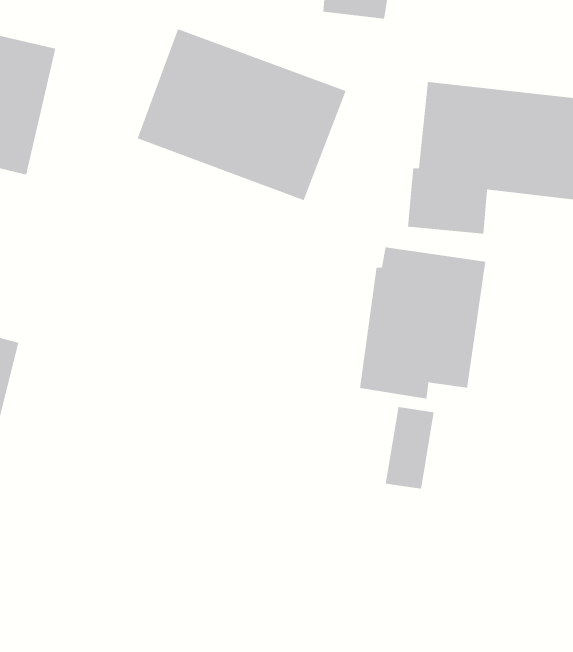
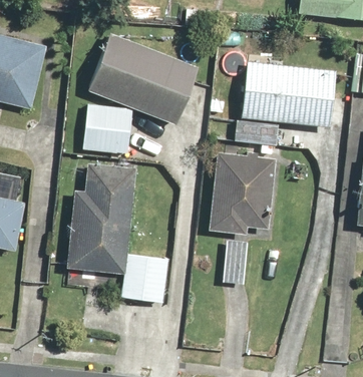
building: none -> [84,102,137,160]
building: none -> [64,166,166,302]

